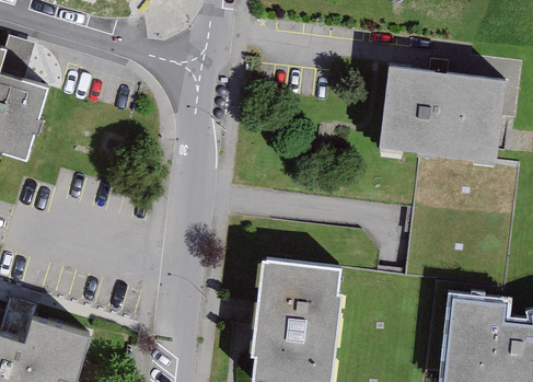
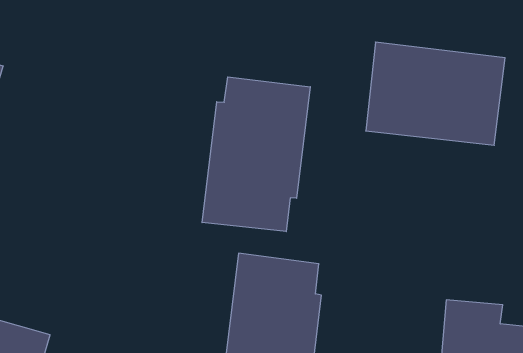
building: none -> [202,77,310,232]

